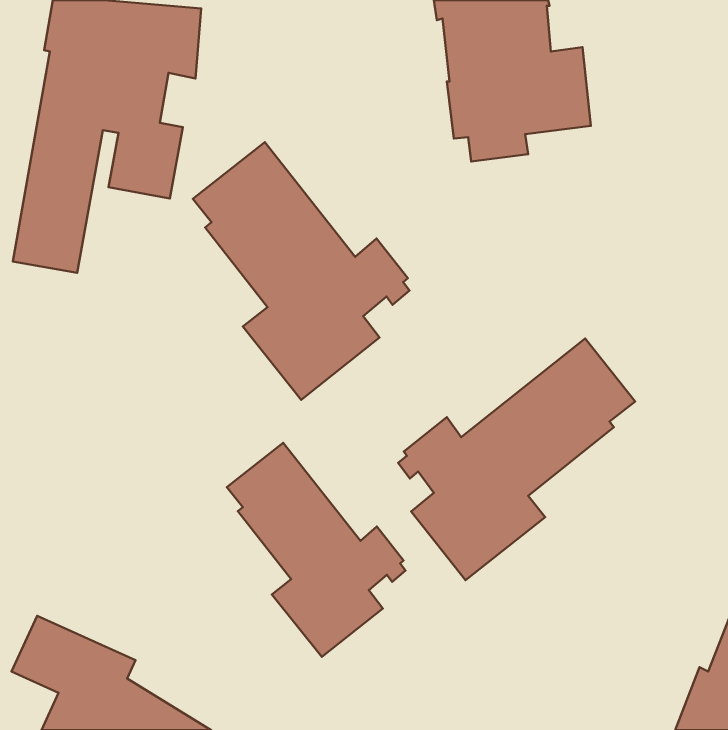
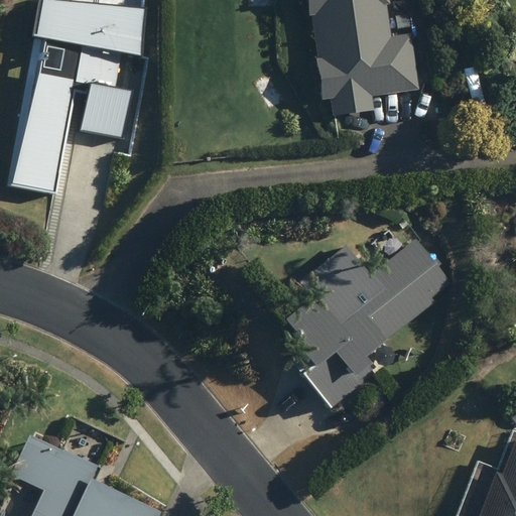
building: [193,142,409,400] -> none
building: [227,443,405,657] -> none

